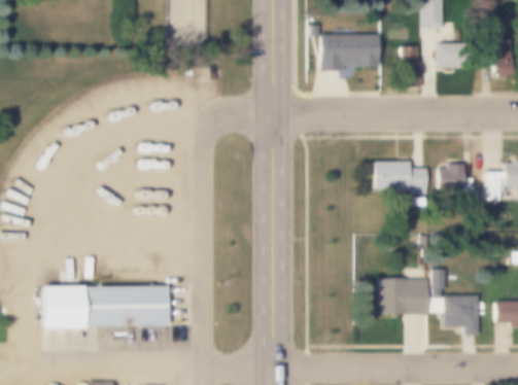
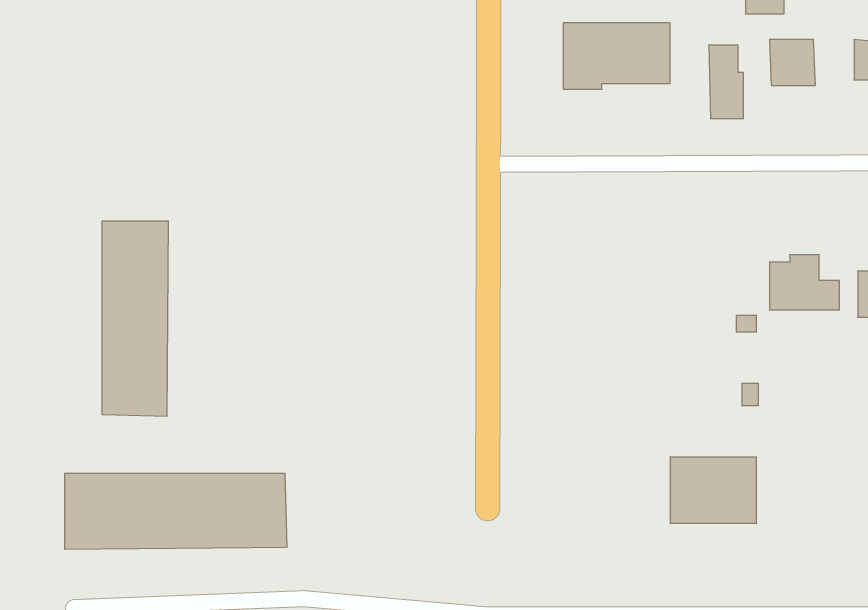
building: none -> [102,221,168,416]
building: [374,161,427,192] -> none
building: [433,268,478,335] -> none

